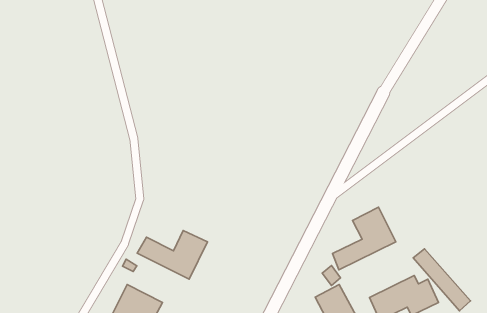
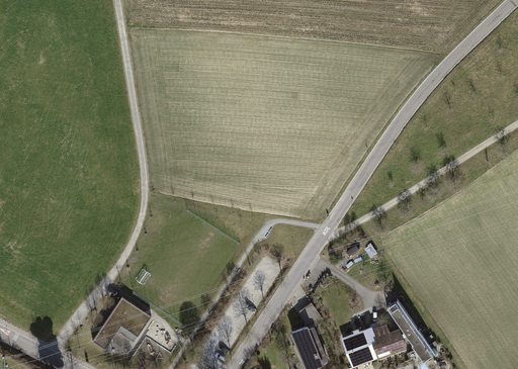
building: [332,207,396,270] -> none
building: [137,230,208,279] -> none

